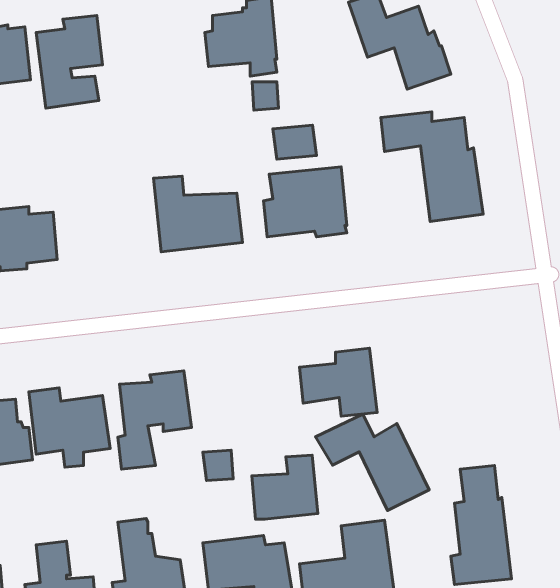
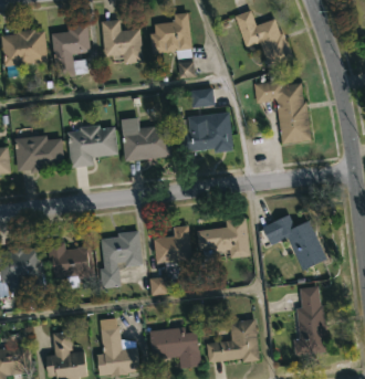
building: none -> [101,19,144,64]
building: none -> [67,125,117,168]
building: [316,414,429,511] -> [262,214,328,271]
building: [252,455,318,519] -> [154,225,192,263]

